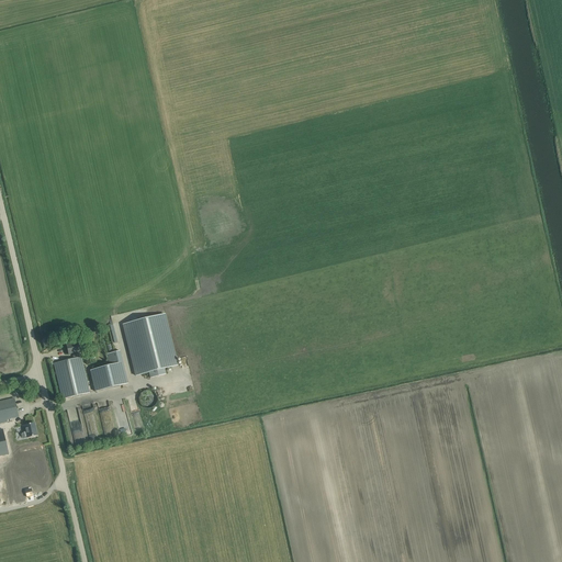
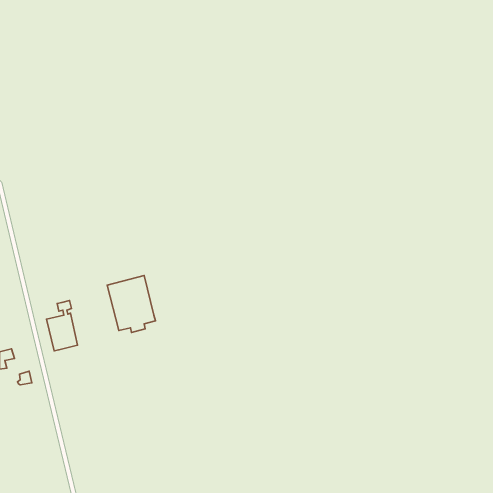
building: [87,350,127,390] -> none

